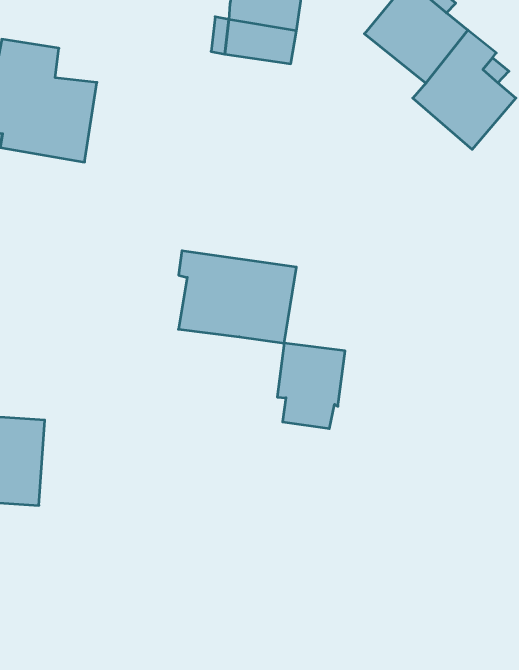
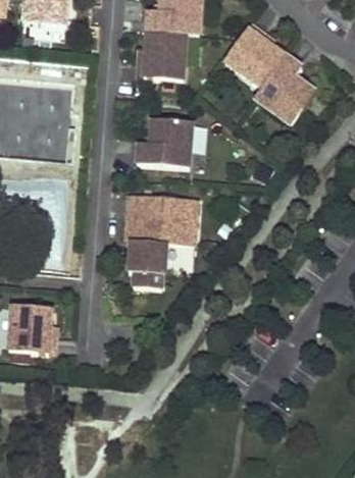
building: none -> [135,119,190,168]
building: [277,343,345,429] -> [125,241,163,288]

